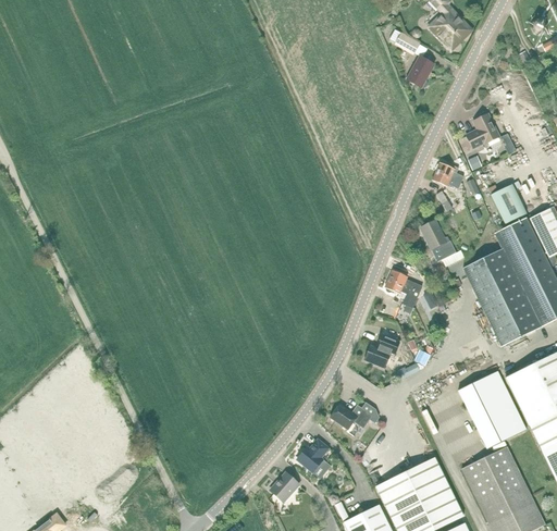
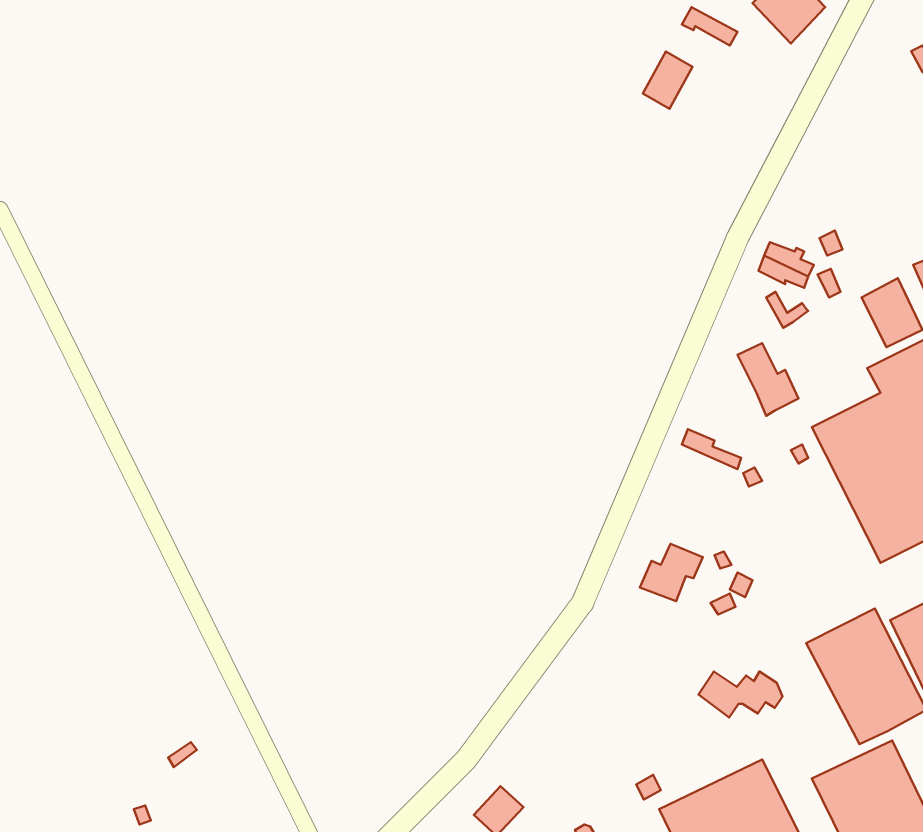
building: [406,54,434,87] -> [643,51,693,109]
building: [465,114,498,148] -> none
building: [384,277,420,309] -> none
building: [330,403,377,429] -> [698,672,783,717]
building: [296,439,329,471] -> none

